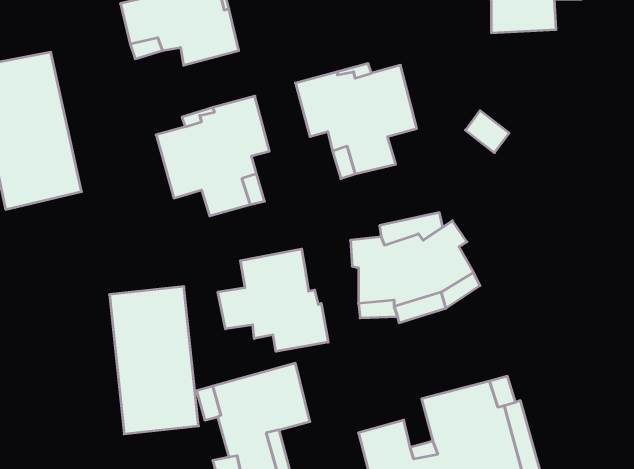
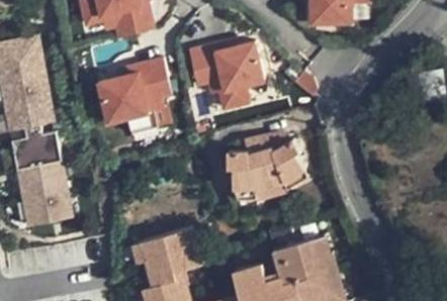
building: [218,249,328,351] -> none
building: [109,287,199,434] -> [15,131,71,223]

